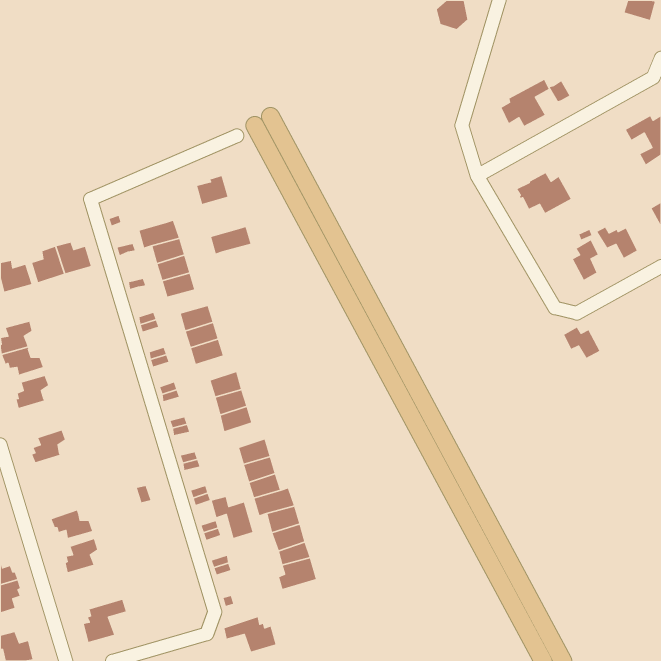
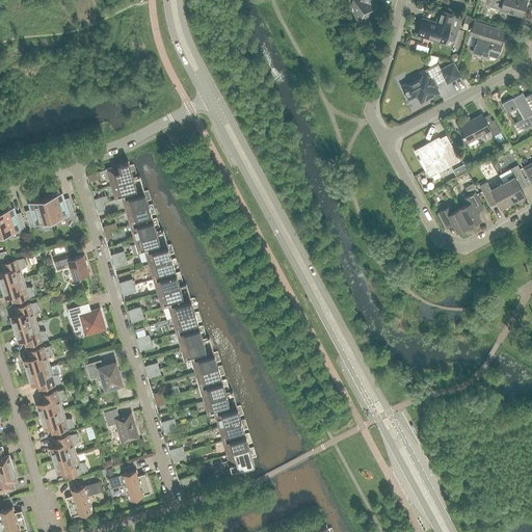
building: none -> [418,11,459,44]
building: none -> [472,21,502,58]
building: none -> [458,114,501,148]
building: [196,175,229,205] -> [107,161,133,185]
building: none -> [503,165,525,202]
building: [210,226,251,255] -> [134,231,167,254]
building: none -> [53,251,89,278]
building: [563,327,601,359] -> [438,206,469,232]
building: none -> [157,285,190,308]
building: none -> [68,304,105,335]
building: none -> [15,322,48,346]
building: none -> [180,338,213,362]
building: none -> [86,360,123,390]
building: none -> [28,366,61,390]
building: none -> [38,389,65,417]
building: [211,496,253,539] -> [104,408,138,443]
building: none -> [54,454,87,477]
building: [223,616,277,653] -> [108,470,151,499]

